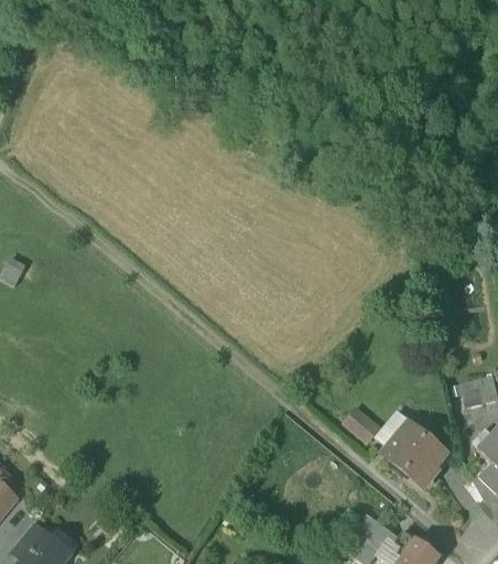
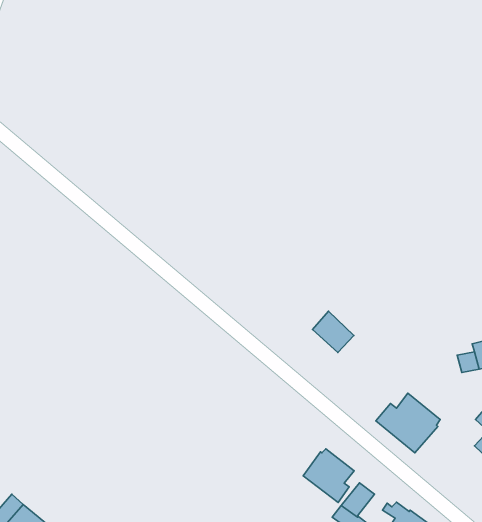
building: [340,402,380,442] -> [313,311,354,353]
building: none -> [303,449,354,502]

